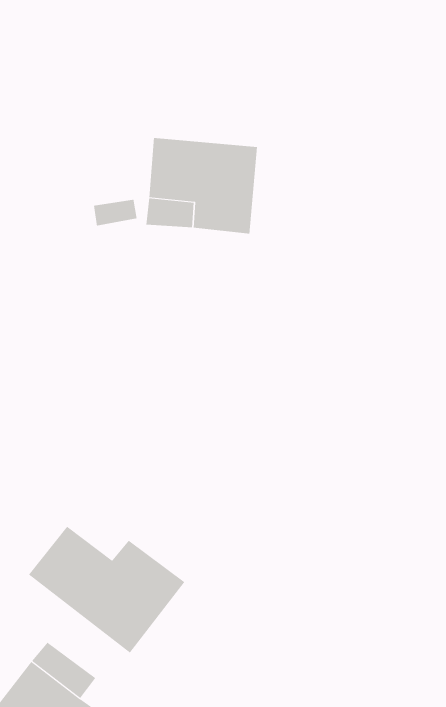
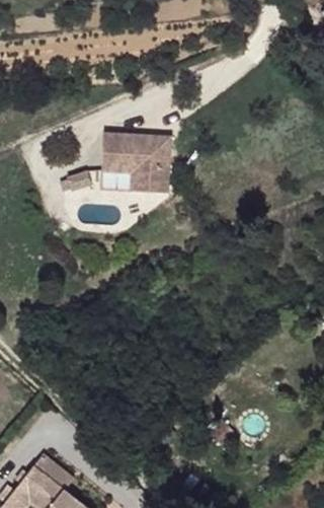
building: [28,526,185,653] -> none

